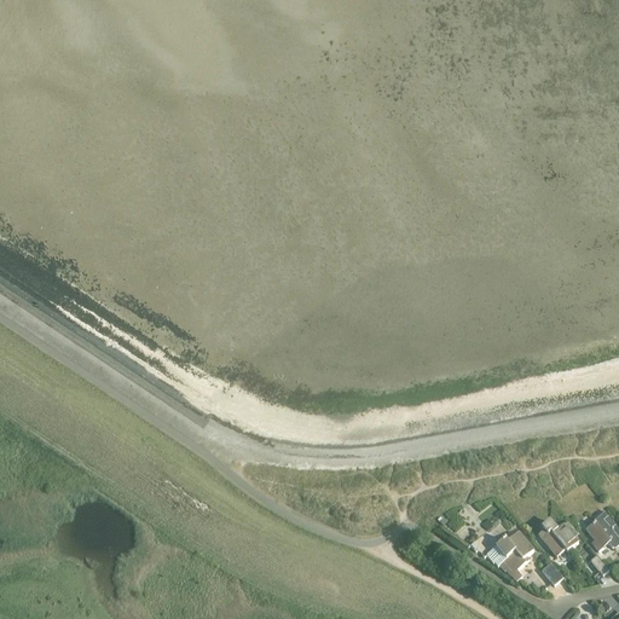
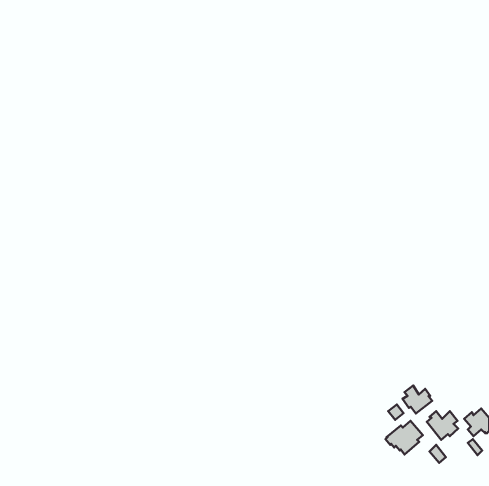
building: none -> [402,386,432,414]

